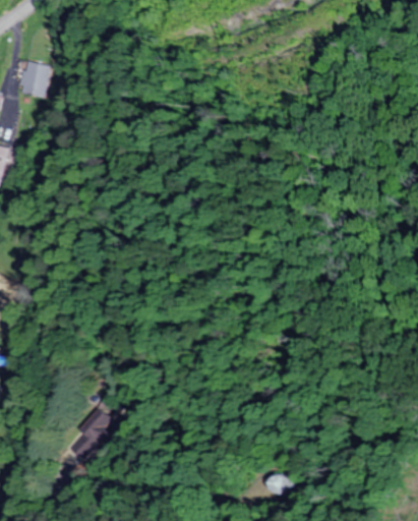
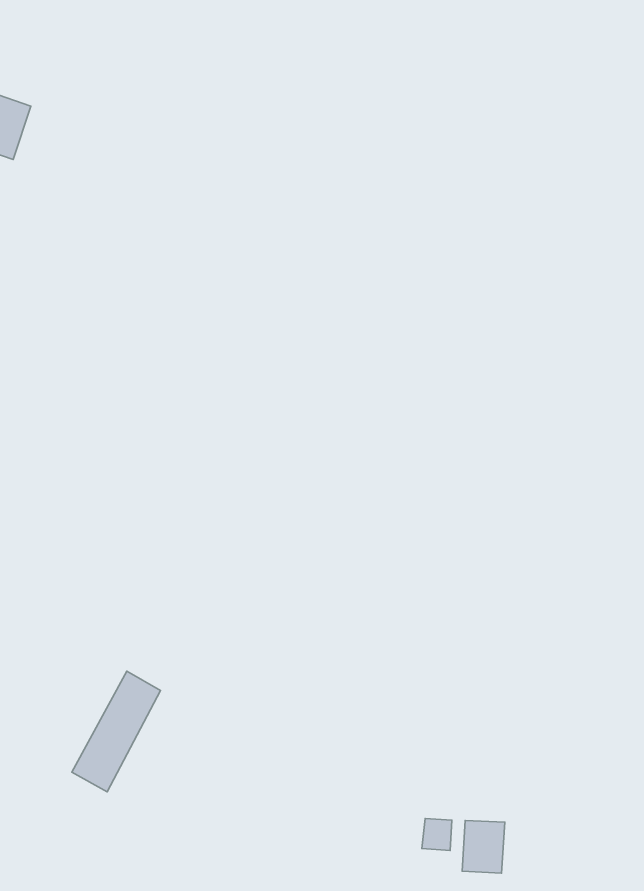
building: none -> [462,820,505,873]

